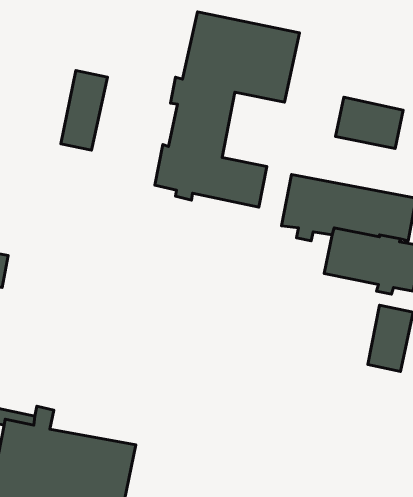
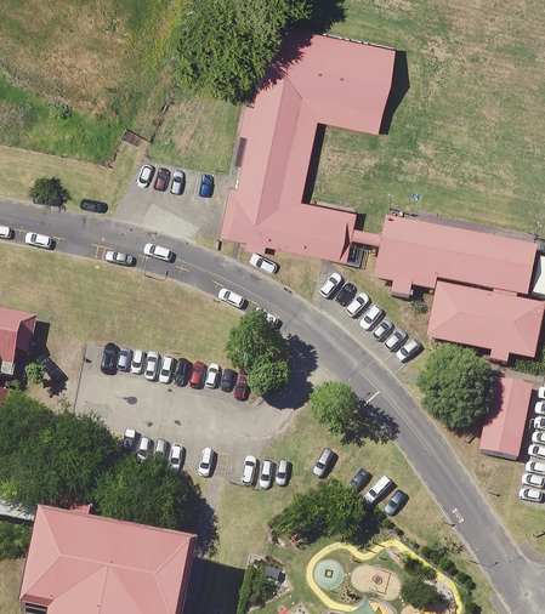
building: [61,70,108,150] -> none
building: [335,97,403,148] -> none

